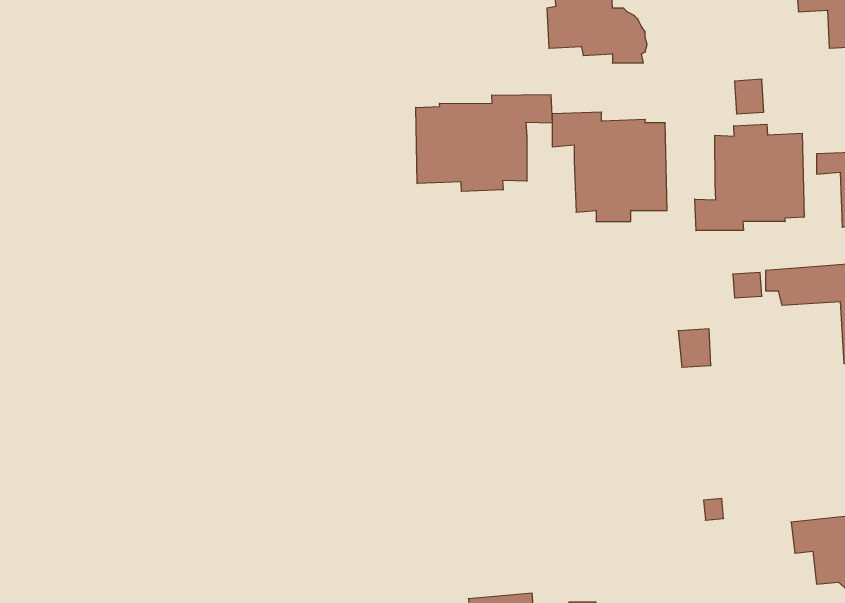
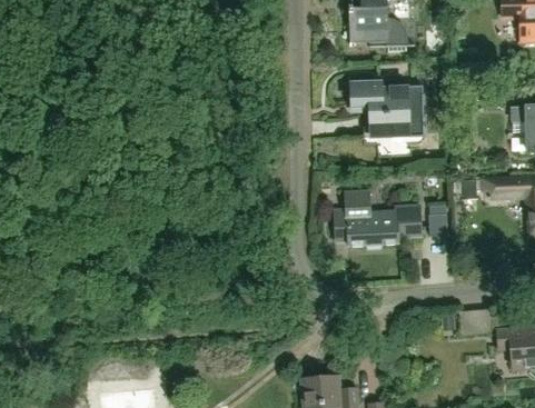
building: [416,95,552,191] -> none
building: [695,124,804,231] -> none
building: none -> [333,188,422,245]

